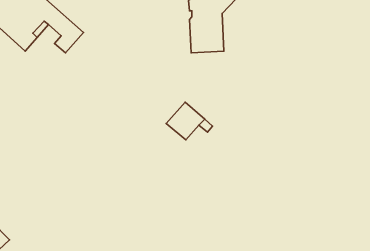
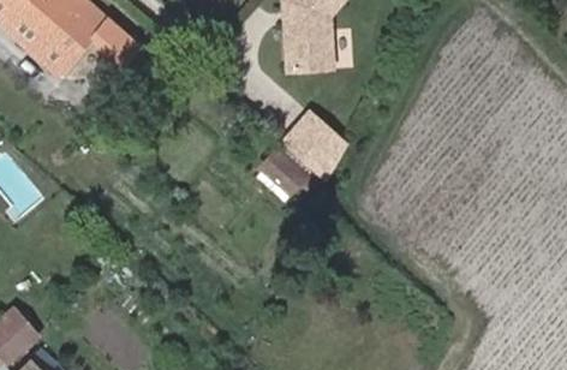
building: none -> [284,112,345,179]

